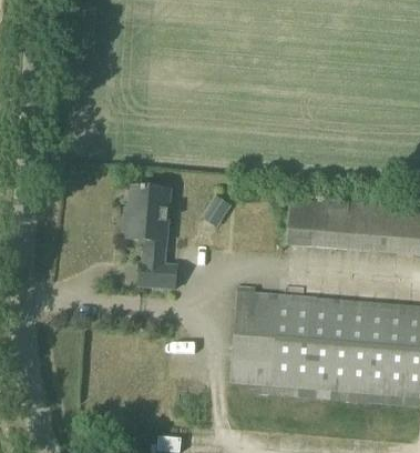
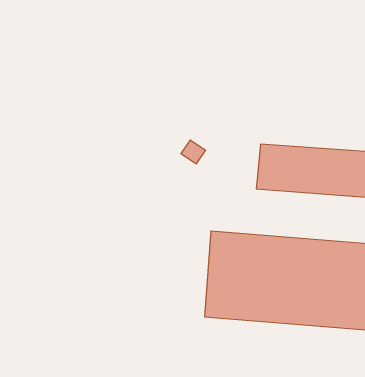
building: [122,185,177,288] -> none

